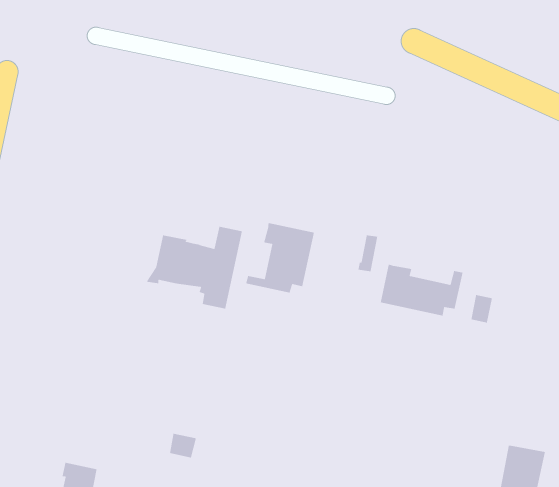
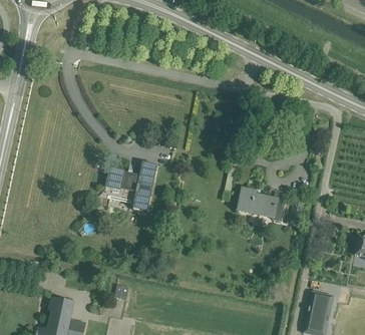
building: [245,222,315,293] -> none

